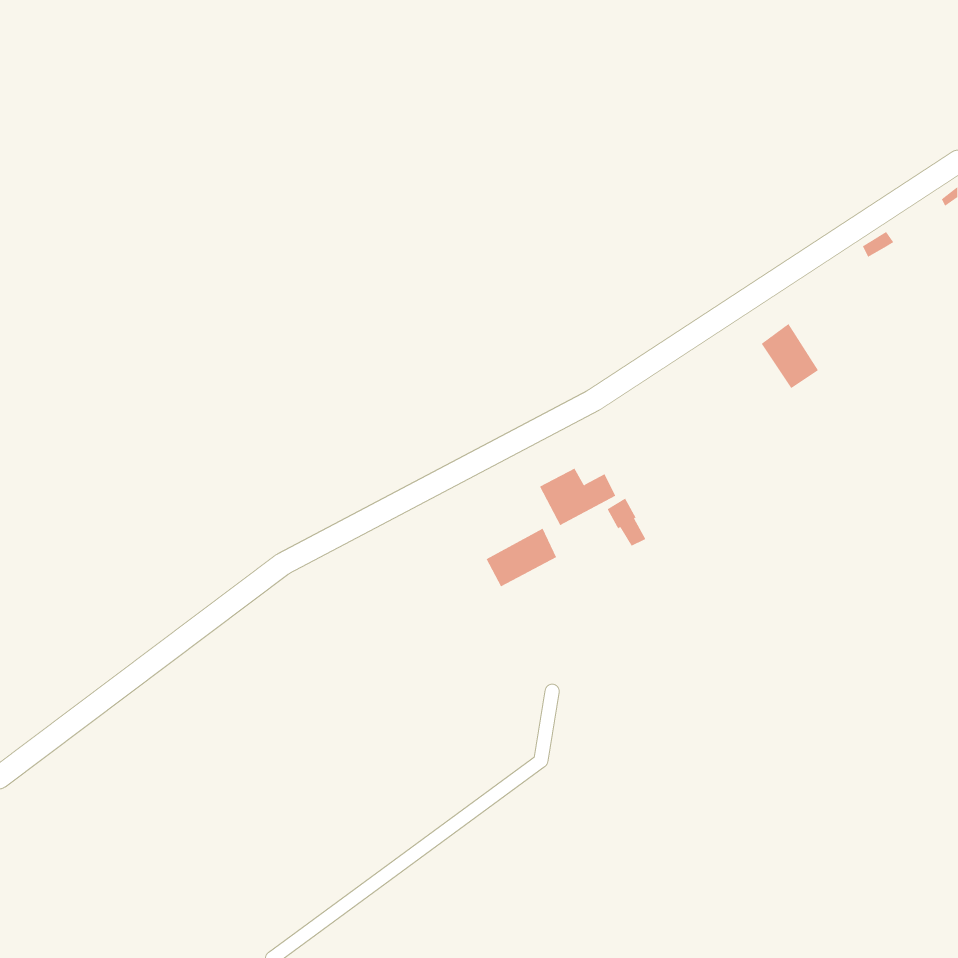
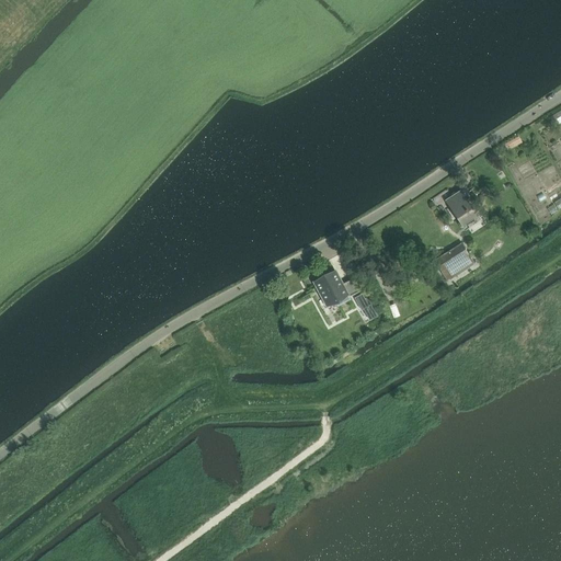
building: none -> [433,242,473,279]
building: [486,528,557,587] -> none

